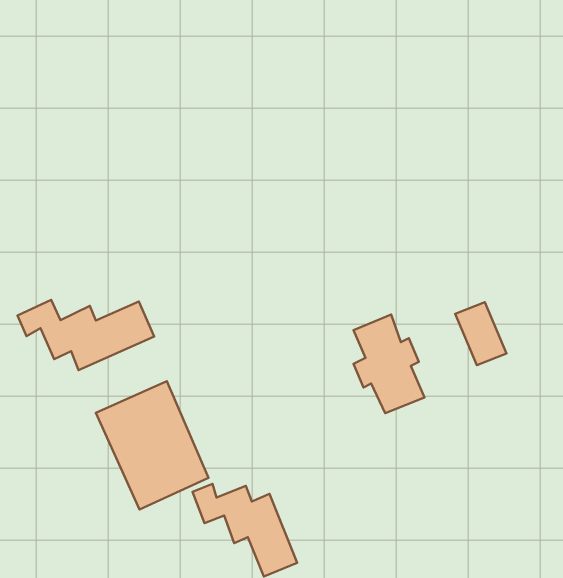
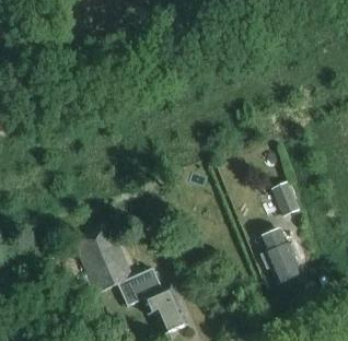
building: [17,300,154,370] -> none
building: [354,315,425,413] -> [262,228,301,283]

